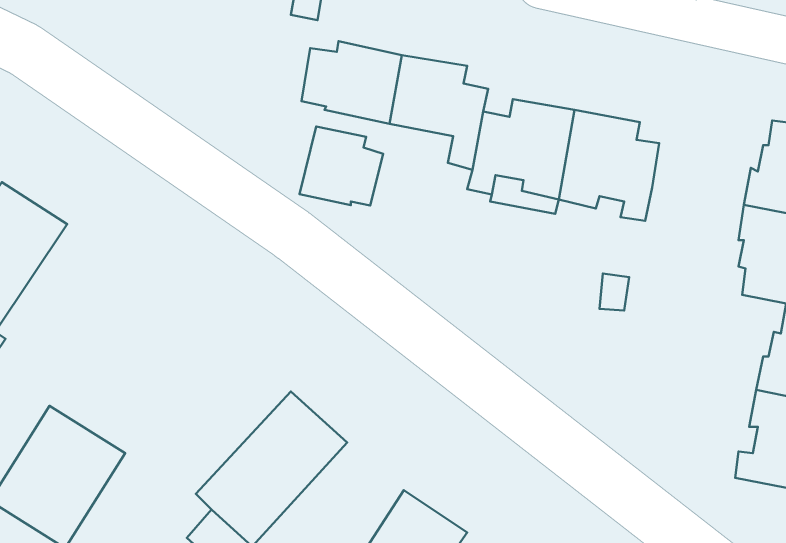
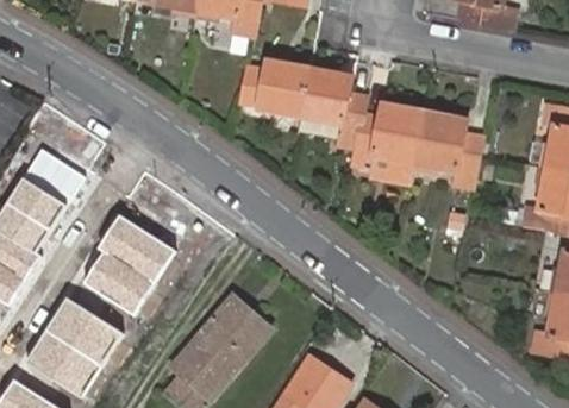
building: [300,127,383,206] -> none
building: none -> [86,213,177,316]

